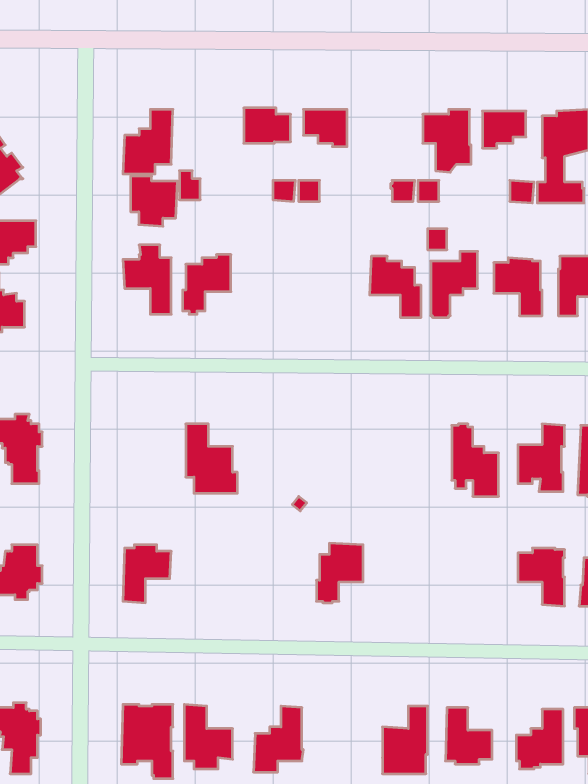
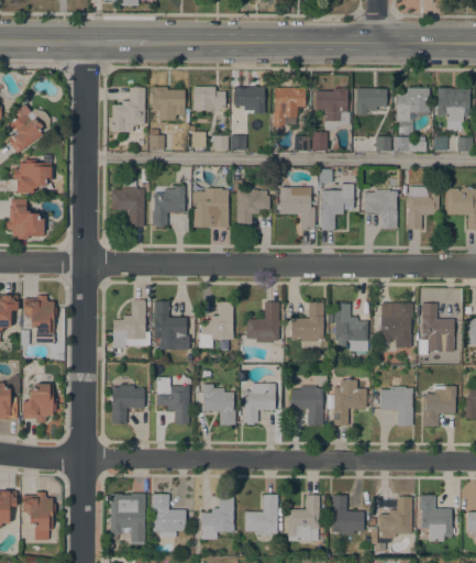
building: none -> [273,88,306,125]
building: [131,176,177,226] -> [153,87,185,121]
building: none -> [233,180,269,229]
building: none -> [193,189,229,228]
building: none -> [113,300,150,347]
building: none -> [199,302,234,350]
building: none -> [246,302,279,343]
building: none -> [291,302,324,342]
building: none -> [157,378,189,423]
building: none -> [333,380,367,426]
building: none -> [202,385,235,426]
building: none -> [290,387,323,426]
building: none -> [244,495,278,536]

